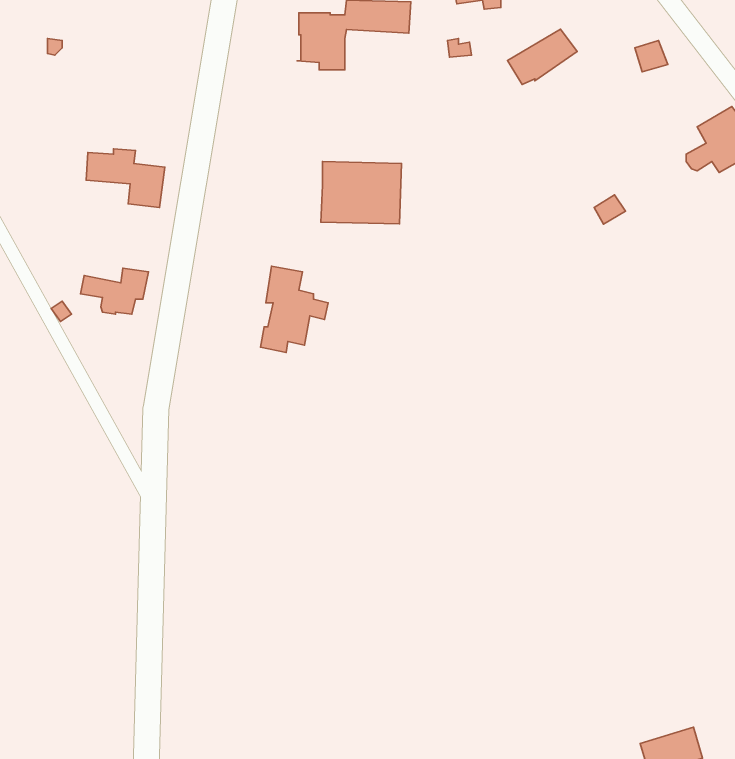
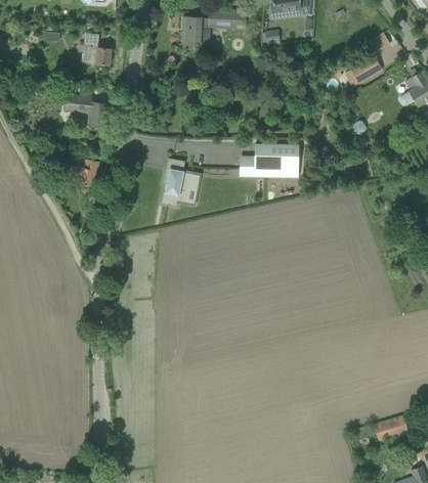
building: [507,29,577,84] -> [344,56,383,87]
building: none -> [83,34,112,65]
building: [321,162,401,224] -> [254,143,299,178]

